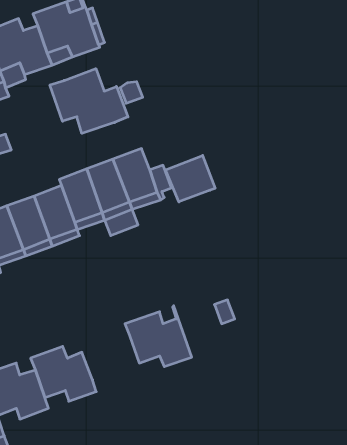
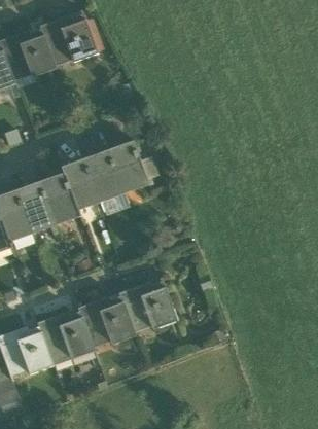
building: [50,69,128,133] -> none
building: [166,155,215,202] -> none
building: none -> [78,294,135,343]

